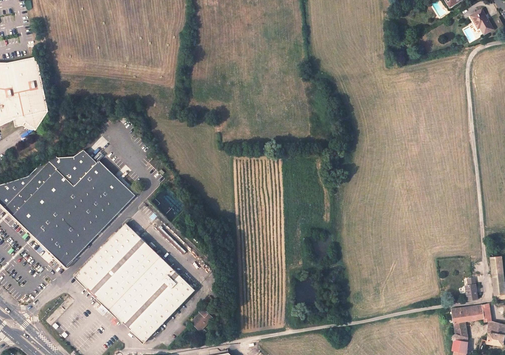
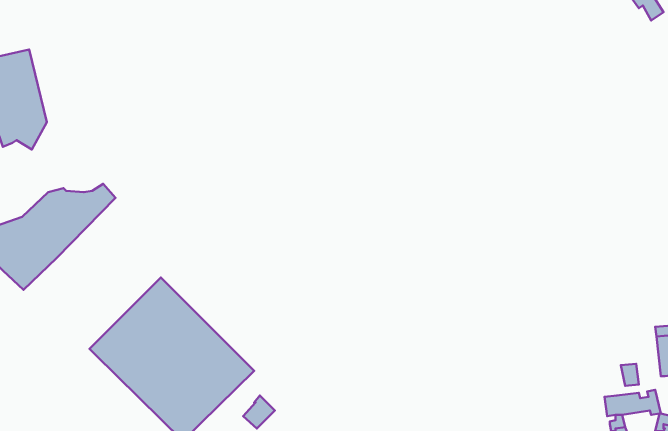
building: [28,161,134,268] -> none

